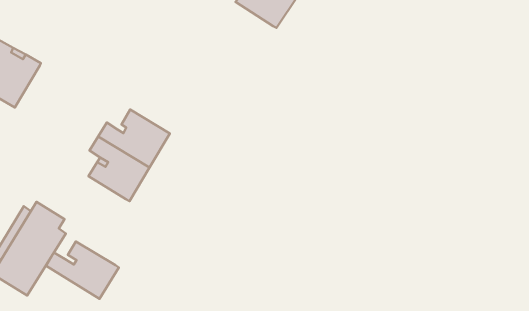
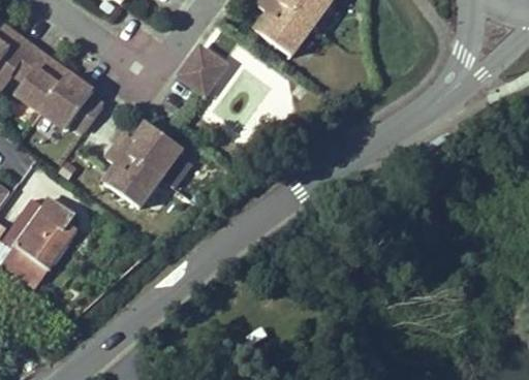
building: none -> [178,46,225,94]
building: none -> [38,72,100,129]
building: [46,241,119,299] -> none

